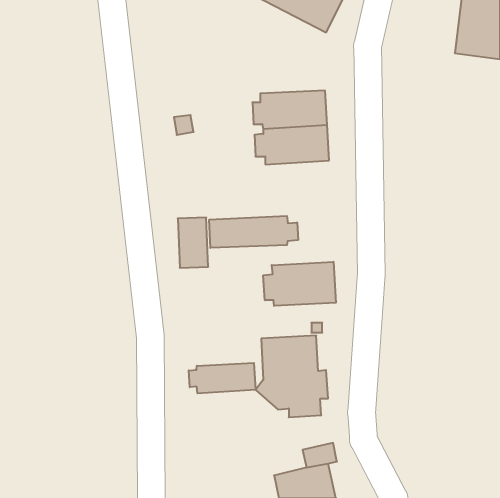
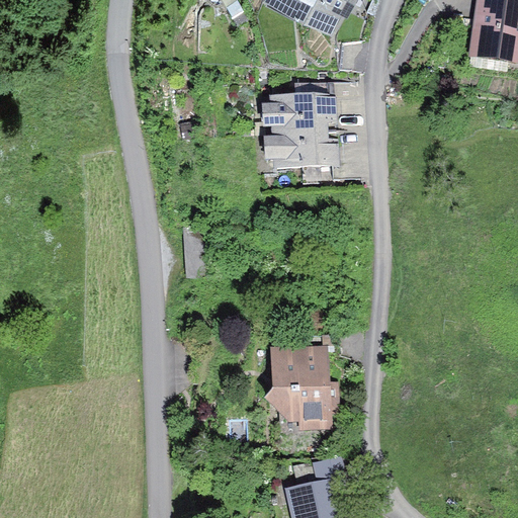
building: [209,216,298,248] -> none
building: [263,262,336,306] -> none
building: [189,363,255,393] -> none

